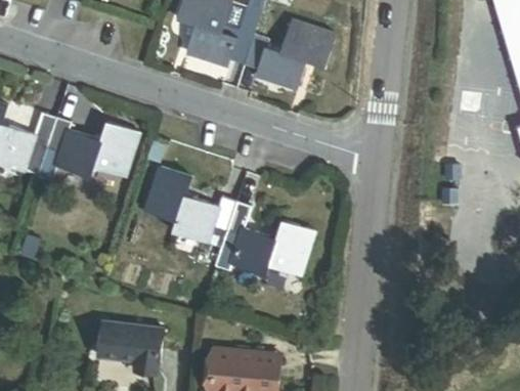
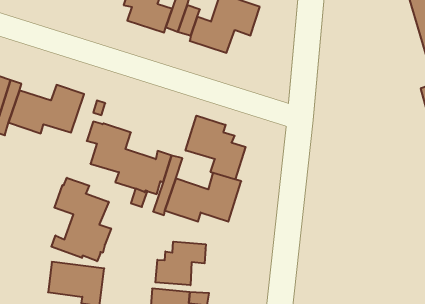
building: none -> [186,116,246,179]
building: none -> [51,178,111,261]
building: none -> [155,242,206,285]

